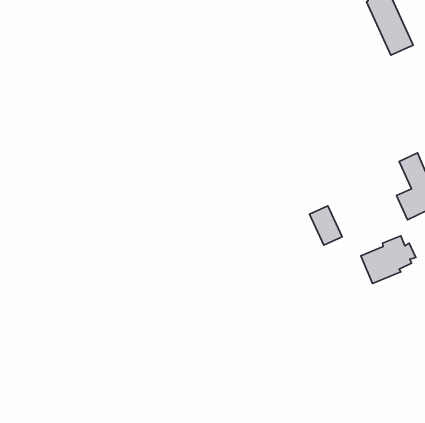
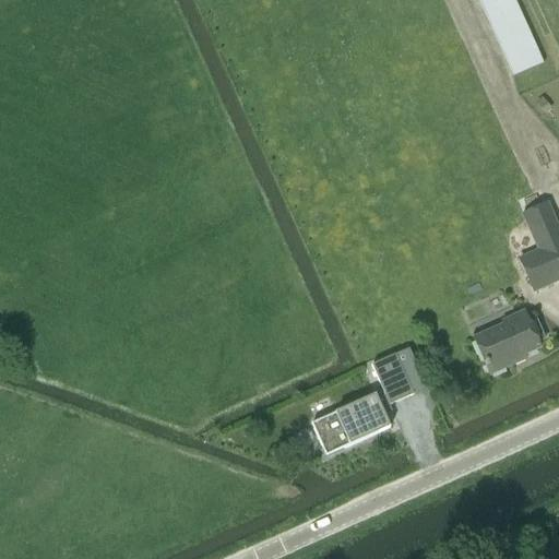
building: [310,206,342,245] -> [372,350,415,402]
building: none -> [312,391,391,452]

